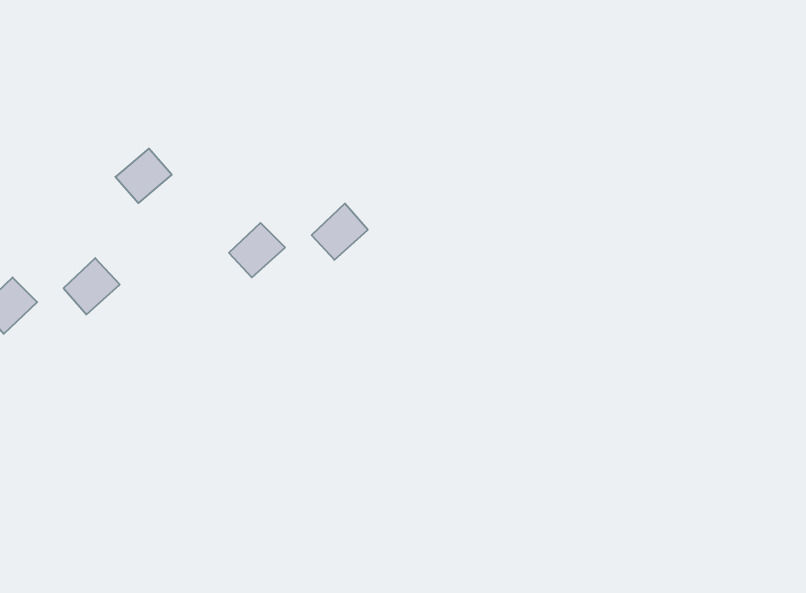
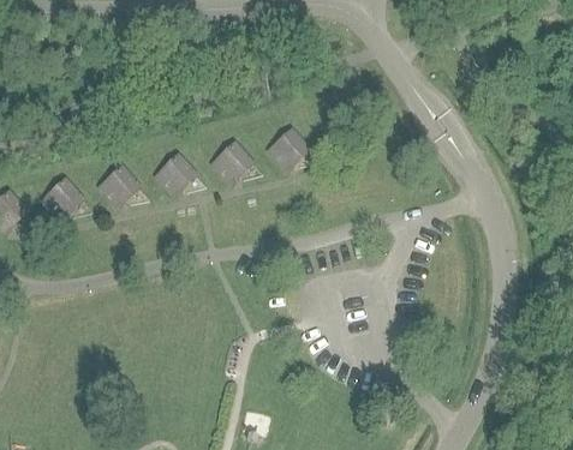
building: [115,149,172,203] -> [101,169,139,206]
building: none -> [270,132,309,169]

